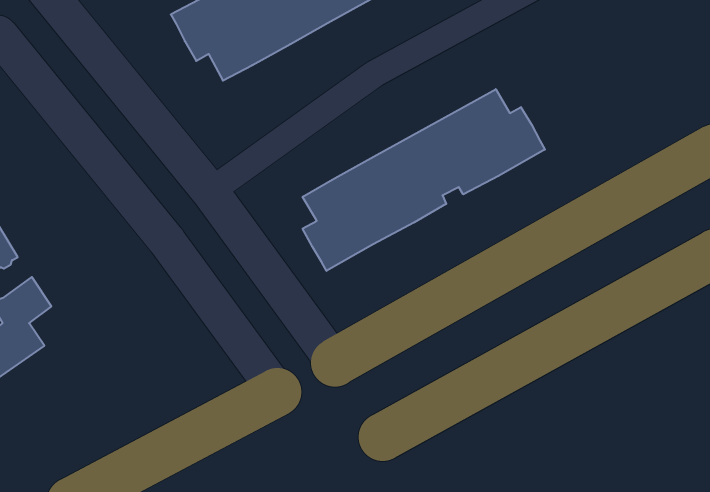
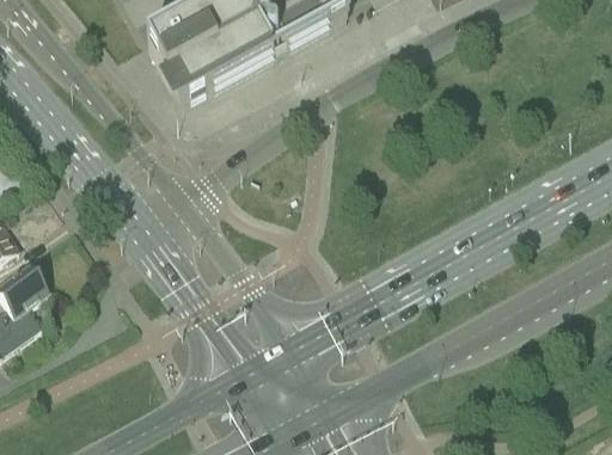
building: [303,89,545,271] -> none

